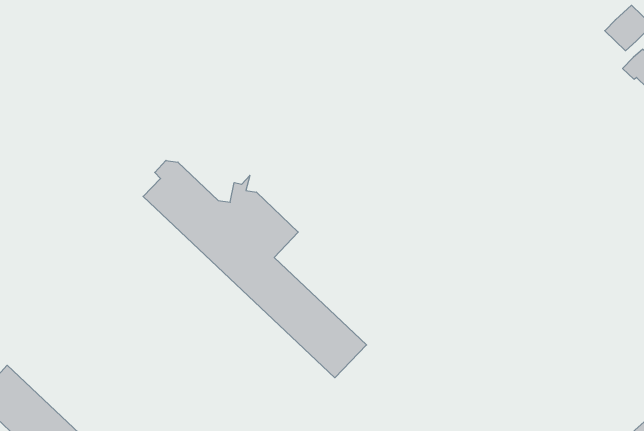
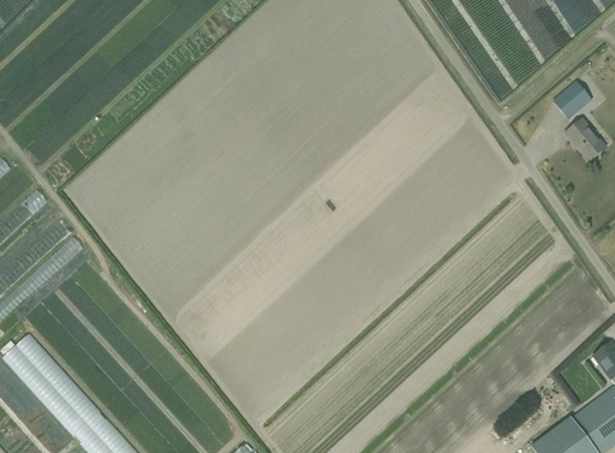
building: [143,160,367,378] -> none

